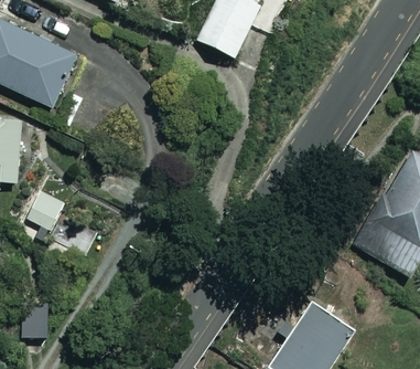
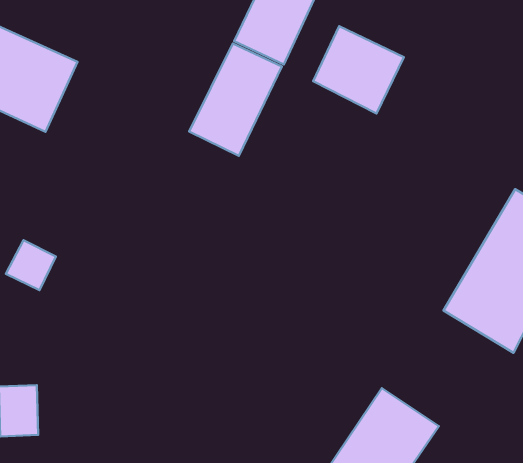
building: none -> [313,26,404,113]
building: none -> [189,44,282,156]

